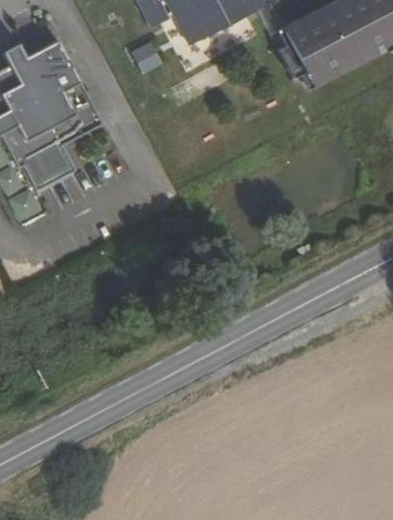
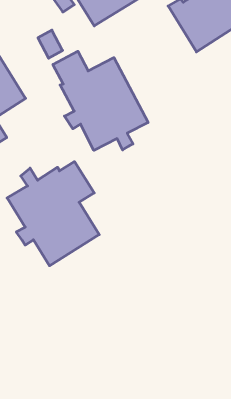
building: none -> [53,51,148,150]
building: none -> [7,162,99,266]

